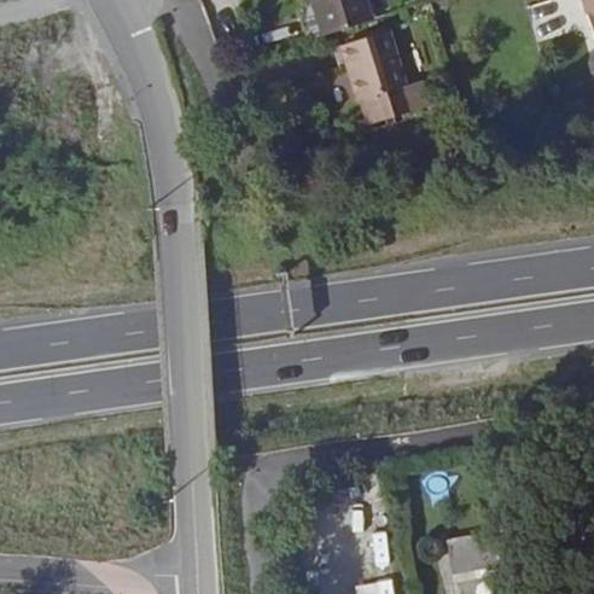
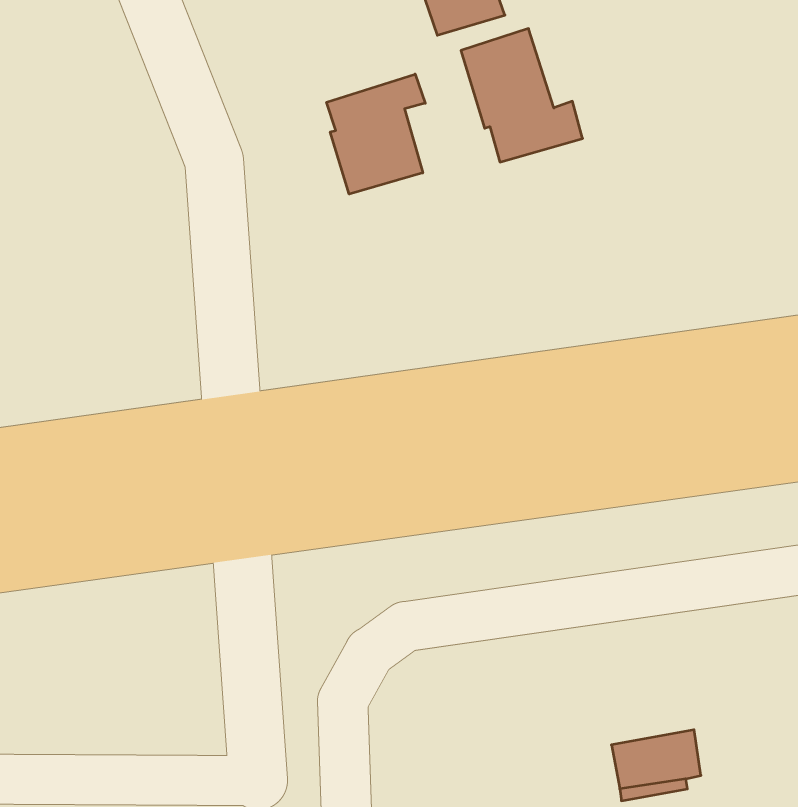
building: none -> [327,74,425,194]

